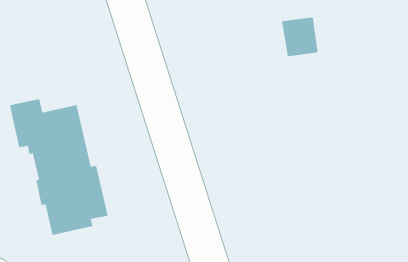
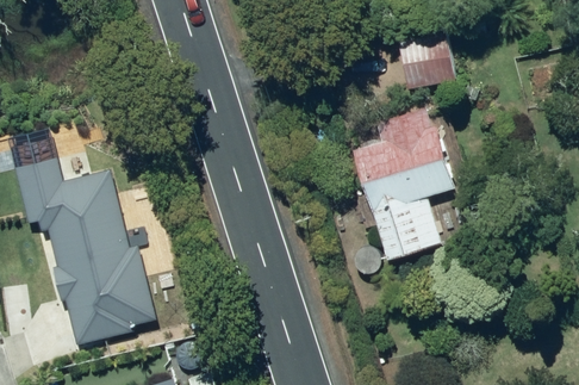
building: none -> [349,114,453,266]

